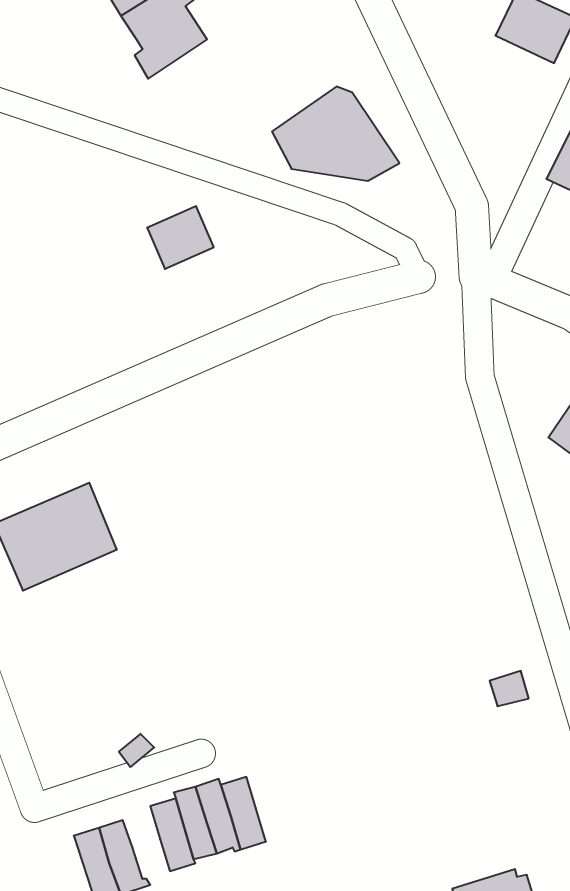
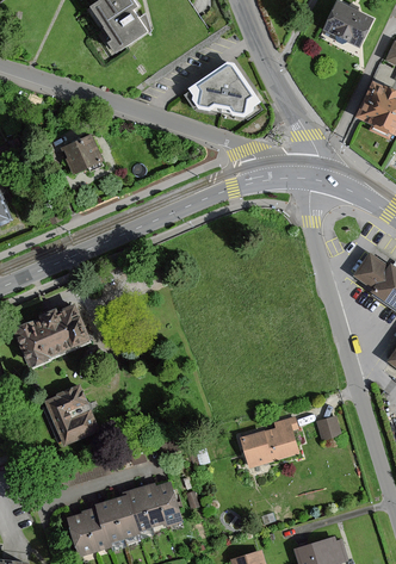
building: [147,206,214,269] -> [62,134,103,172]
building: none -> [44,385,98,441]
building: none -> [242,415,299,465]
building: none -> [94,498,124,543]

